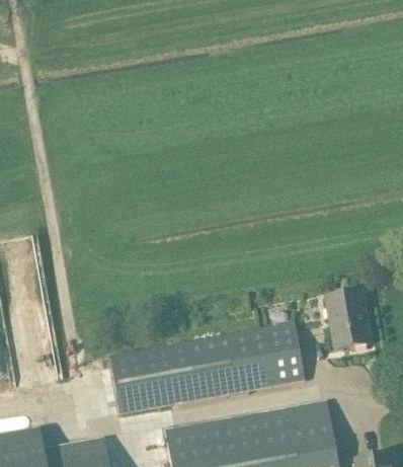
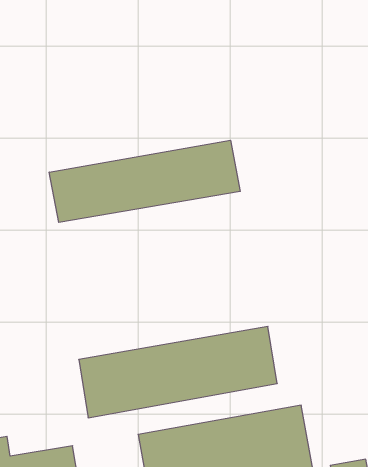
building: none -> [49,140,240,222]
building: [325,292,369,351] -> none

